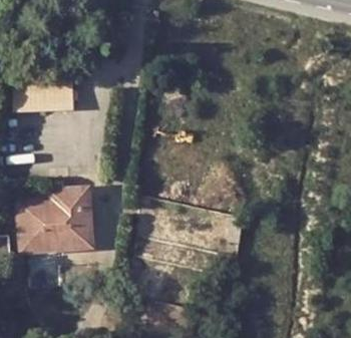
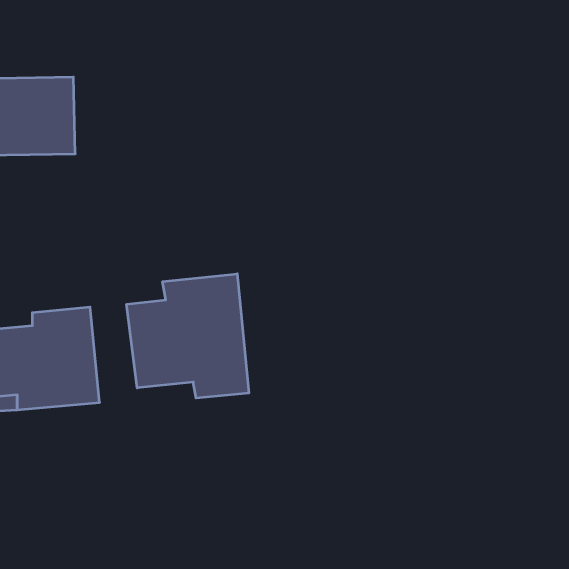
building: none -> [127,274,249,398]

